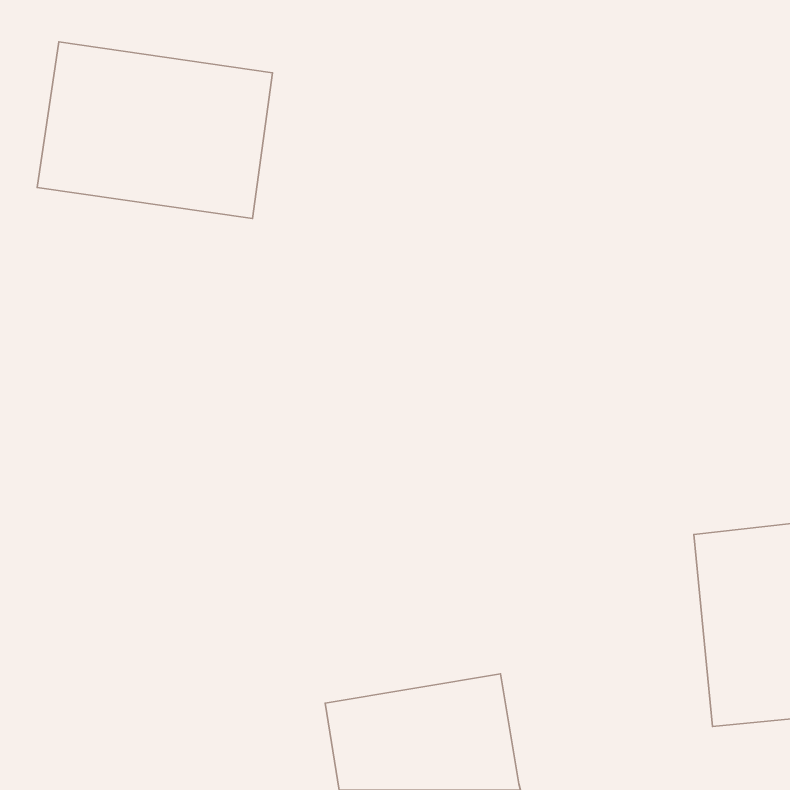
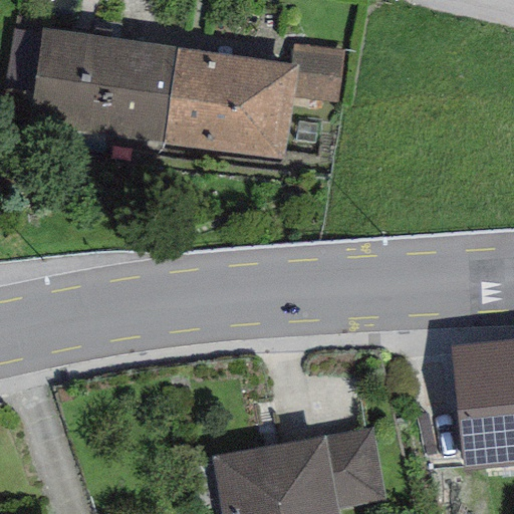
building: none -> [165,41,347,160]
building: none -> [325,429,384,508]

